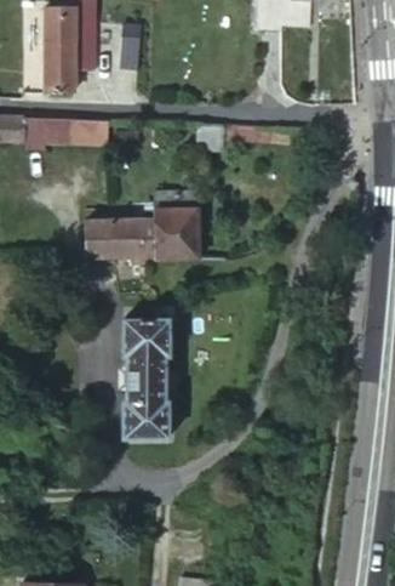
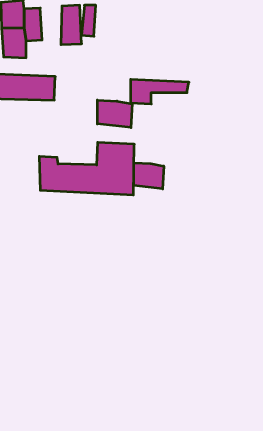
building: none -> [97,100,132,128]
building: none -> [134,163,164,189]
building: [122,319,179,446] -> none

